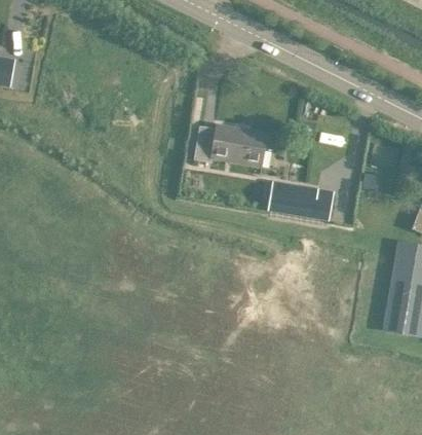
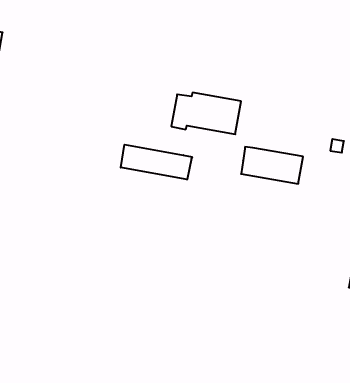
building: none -> [121,145,192,180]

